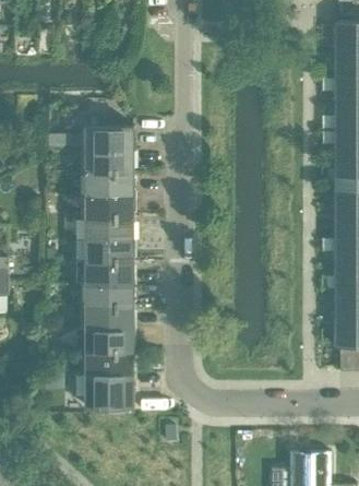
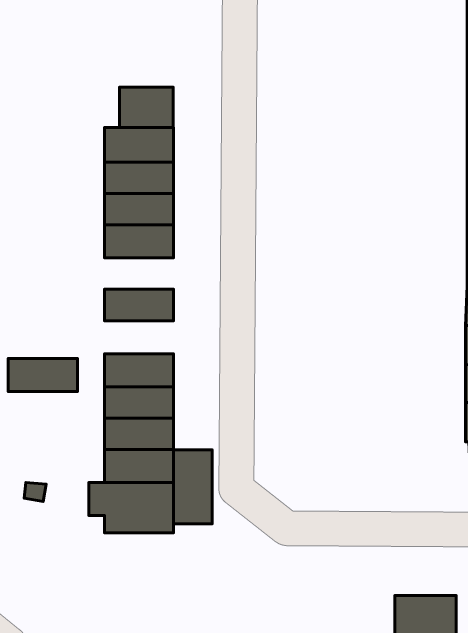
building: none -> [119,87,173,128]
building: [86,216,134,238] -> none
building: [86,260,134,283] -> [8,359,77,392]
building: none -> [174,450,212,524]

